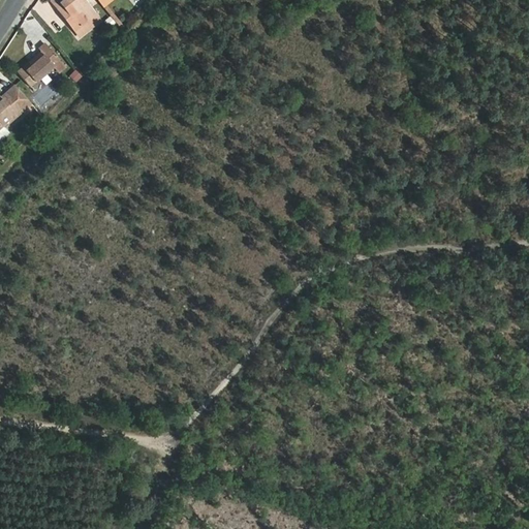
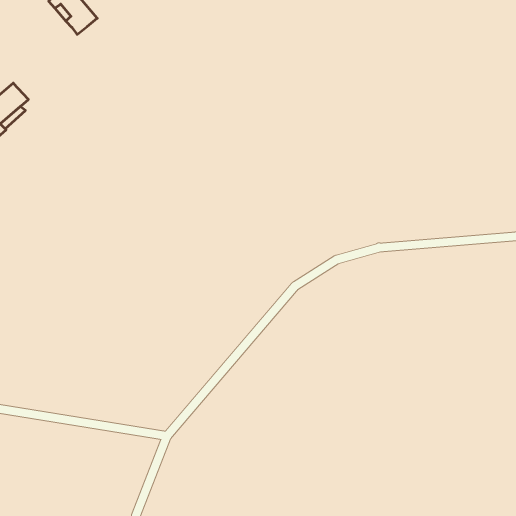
building: [17,46,64,85] -> none

